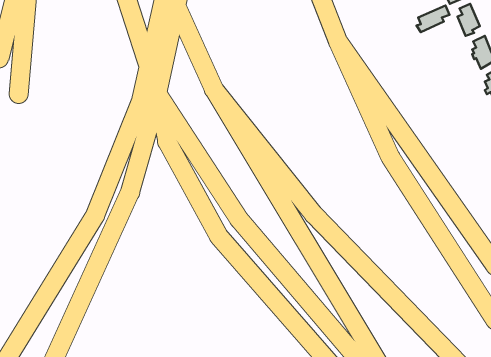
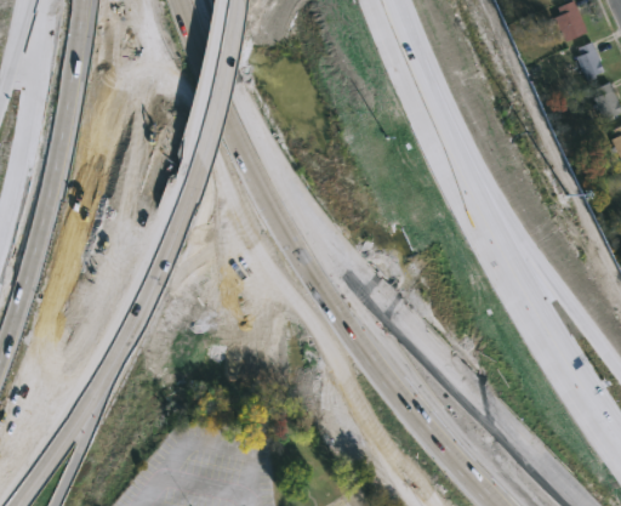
building: [417,5,449,32] -> none

